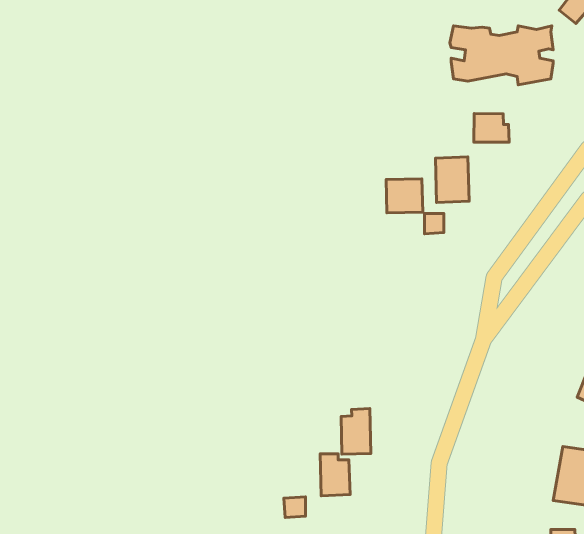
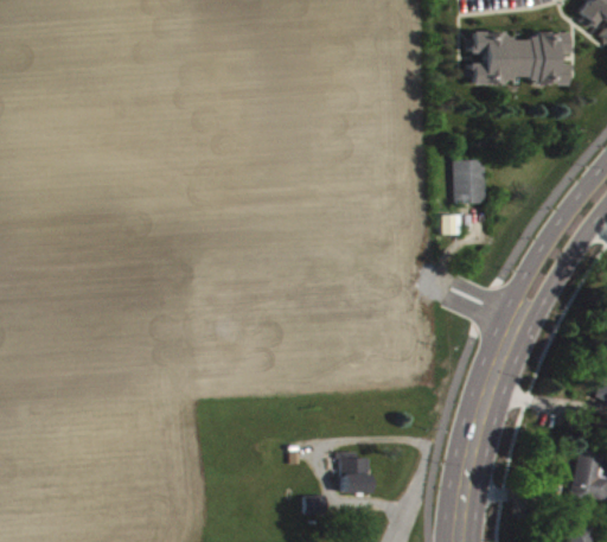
building: [474,114,509,142] -> none
building: [386,179,423,213] -> none
building: [341,408,371,454] -> none

